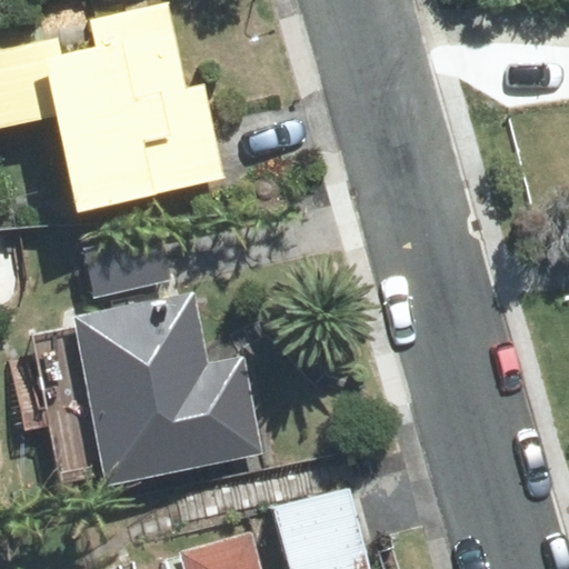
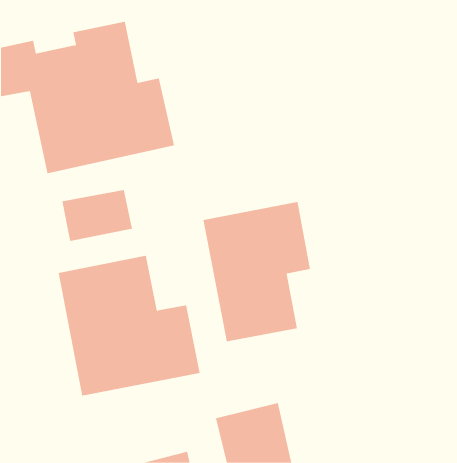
building: none -> [203,201,311,342]

